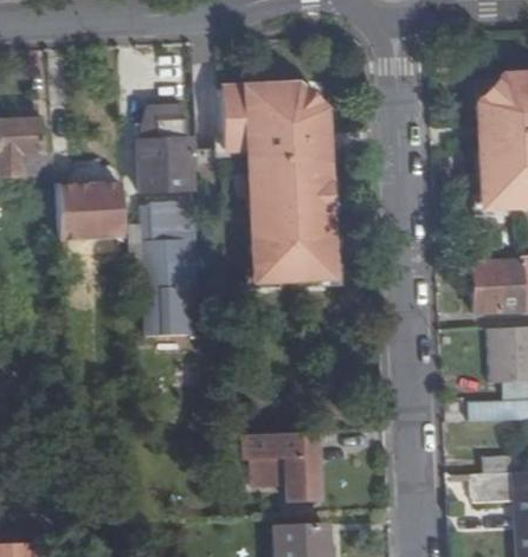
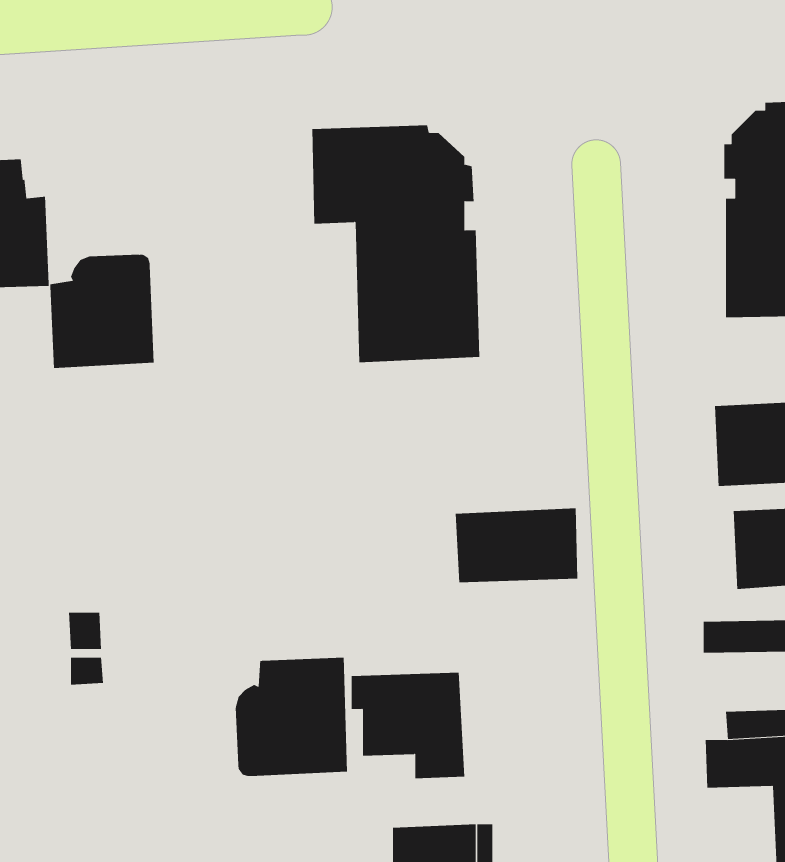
building: [137,106,191,193] -> none
building: [141,208,197,337] -> none
building: [250,233,328,280] -> [455,508,578,583]
building: none -> [235,657,347,777]

